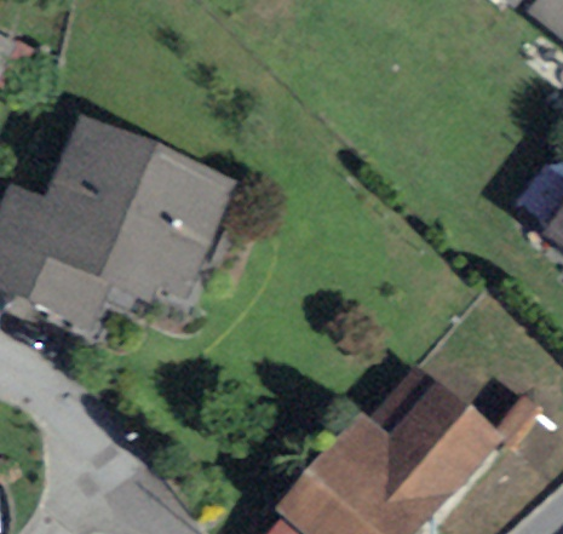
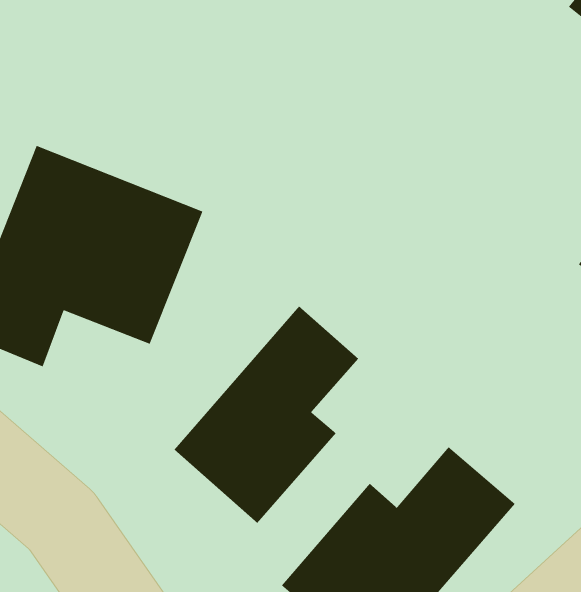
building: none -> [174,305,359,524]

